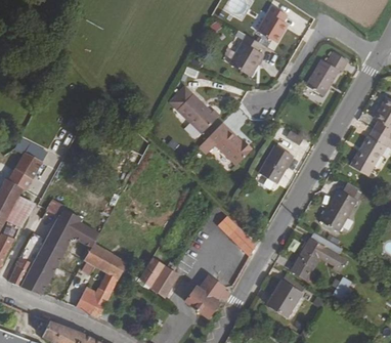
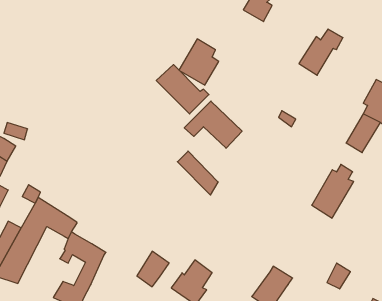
building: [229,34,267,78] -> [179,39,219,85]
building: [260,143,295,182] -> none
building: [219,214,258,256] -> [177,151,218,195]
building: [291,235,349,278] -> none
building: [135,255,168,287] -> none

